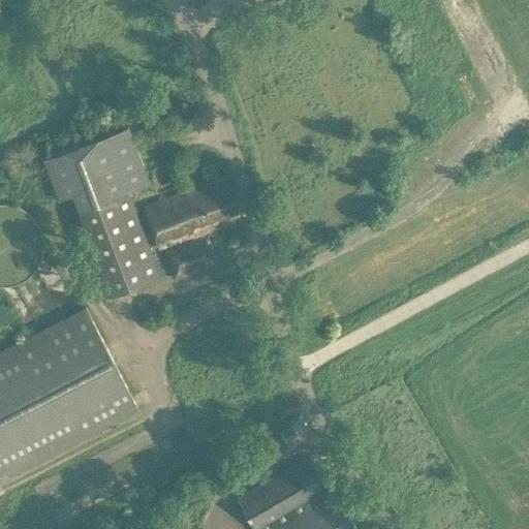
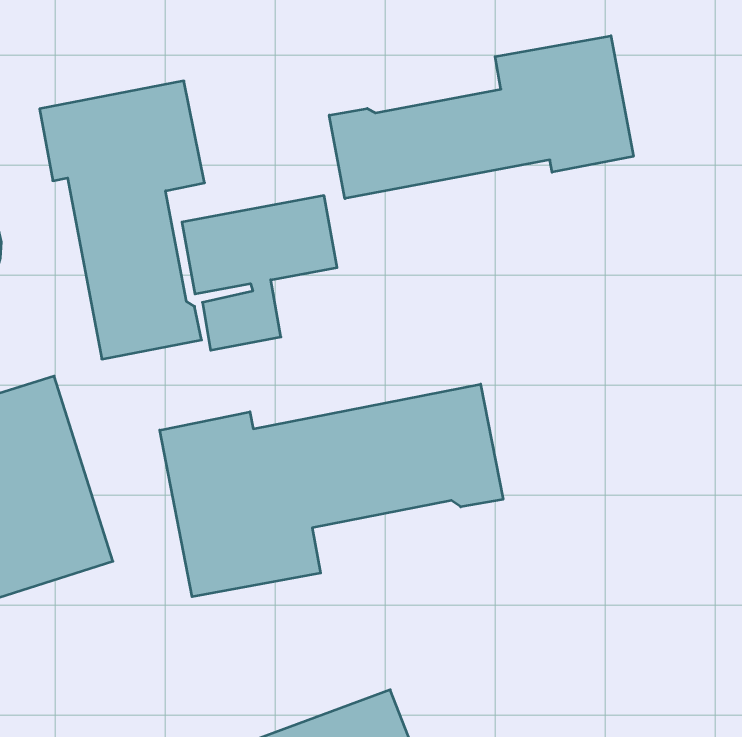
building: none -> [329,36,633,199]
building: none -> [160,384,503,597]

